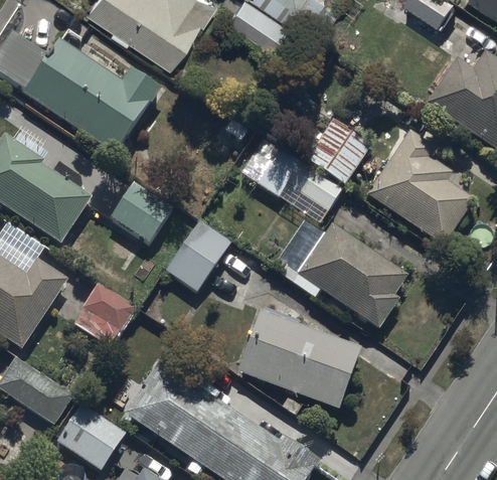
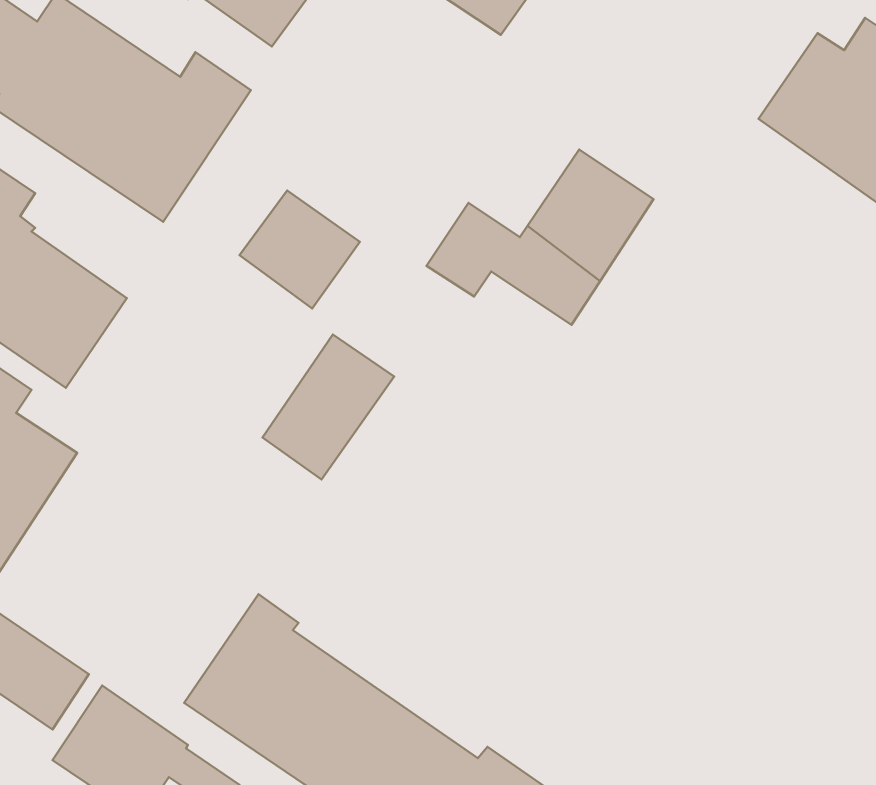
building: [364,128,475,247] -> none
building: [111,180,174,243] -> [240,190,360,309]
building: [297,221,408,332] -> none
building: [72,281,136,346] -> none
building: [236,303,362,411] -> none

